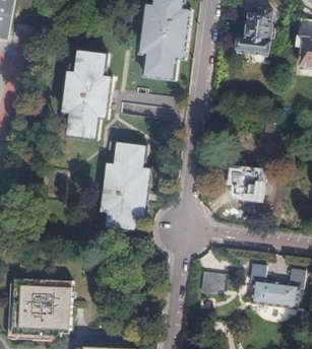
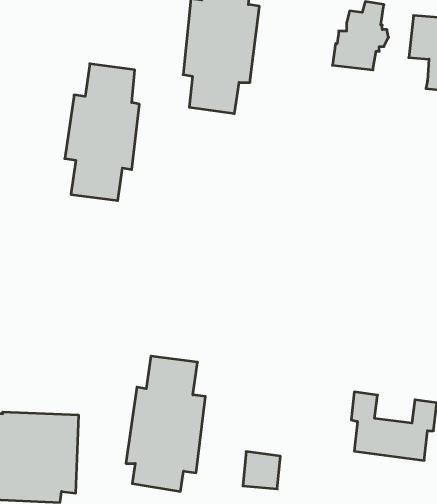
building: [100,140,151,228] -> [126,356,205,491]
building: [229,157,258,197] -> none
building: [199,269,224,293] -> [243,452,280,489]

